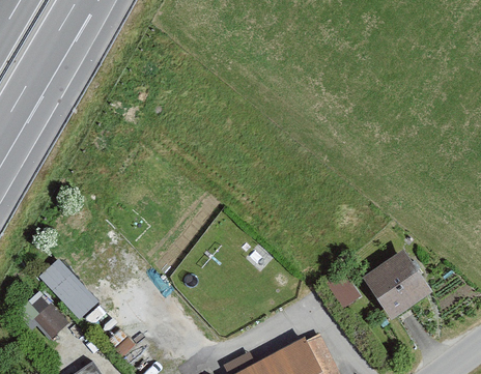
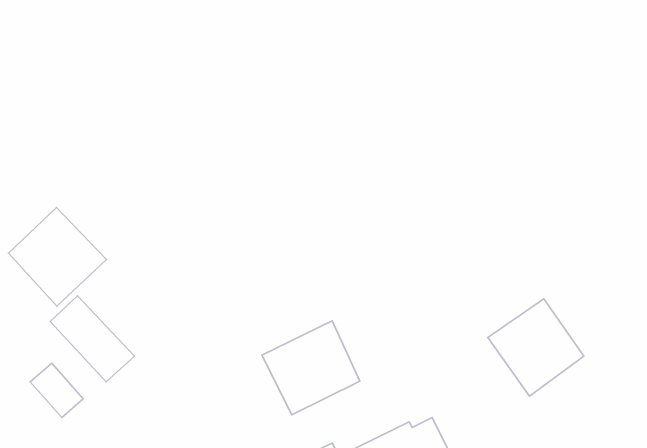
building: none -> [9,208,106,306]
building: none -> [262,321,360,415]

